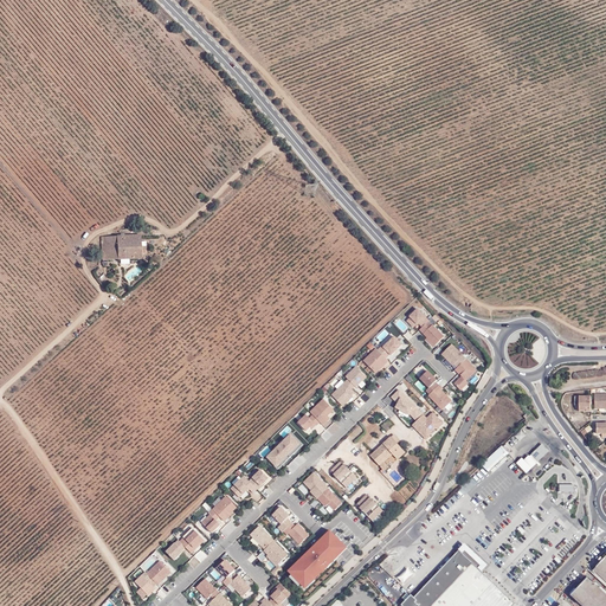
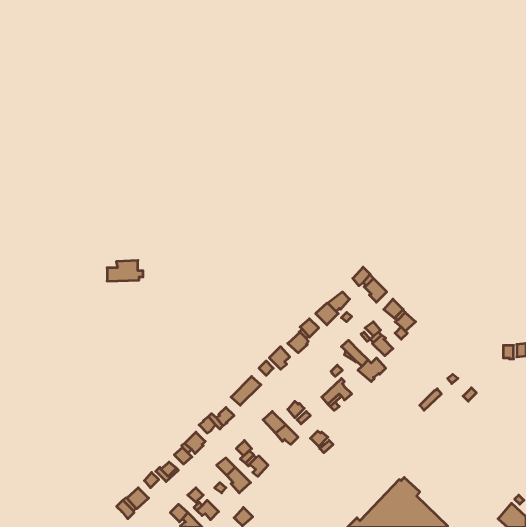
building: [104,236,146,259] -> [107,260,143,281]
building: [286,527,347,588] -> none

